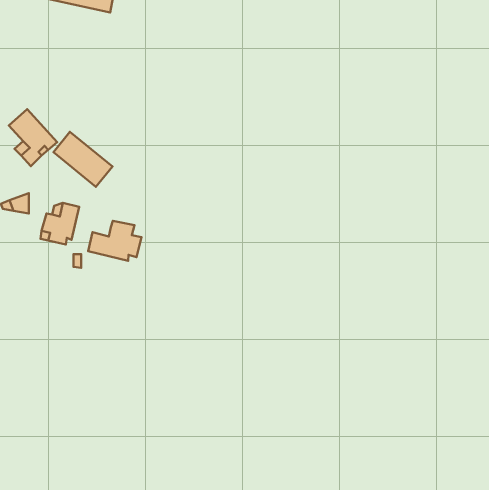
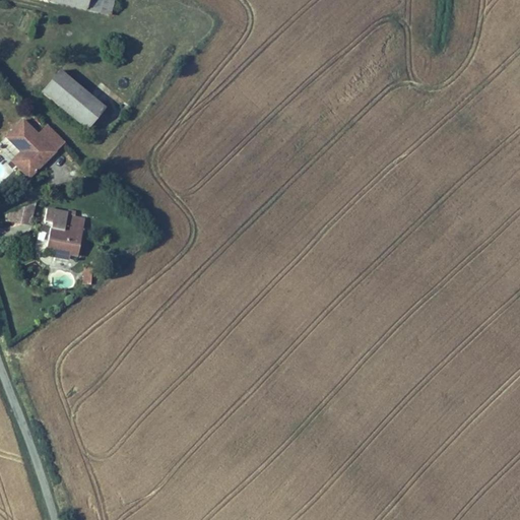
building: [53,132,112,187] -> [46,67,108,125]
building: [88,221,141,261] -> none

